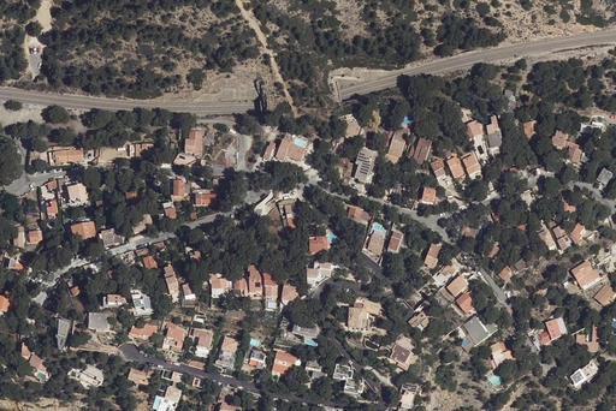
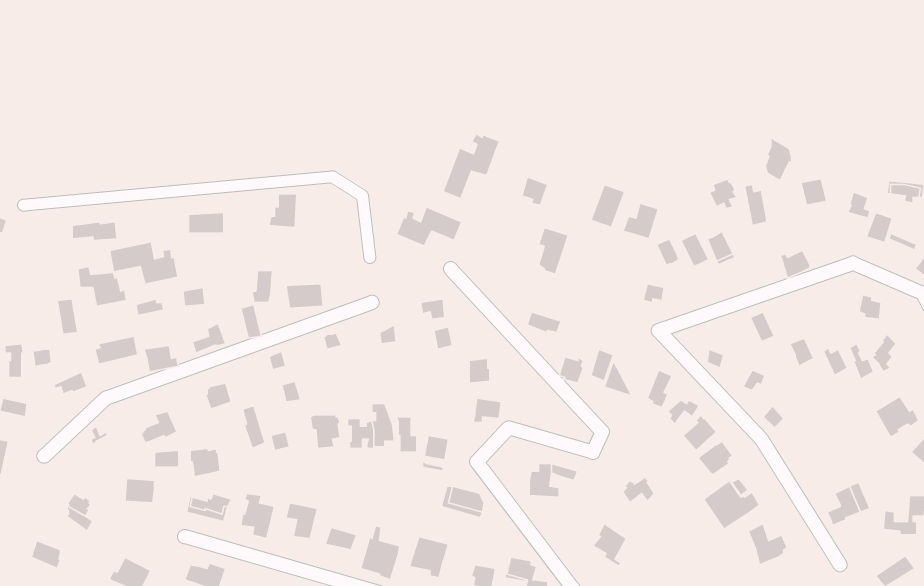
building: none -> [443,134,500,199]
building: none -> [109,242,178,284]

